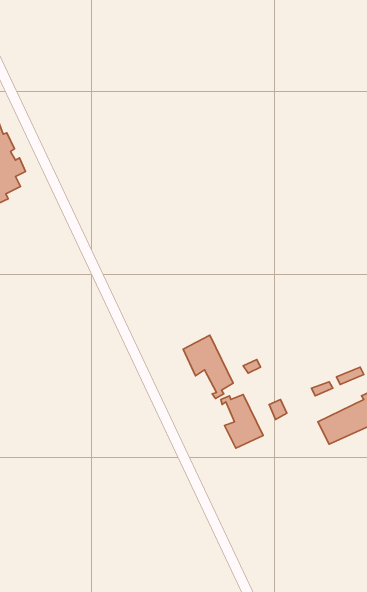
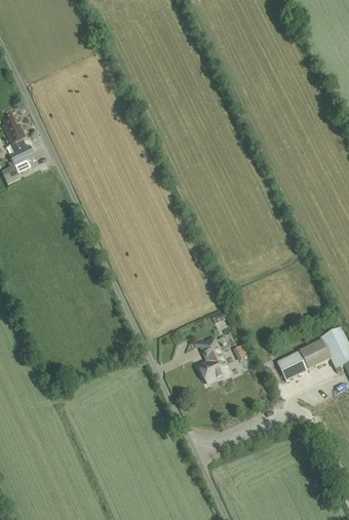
building: [183,335,233,399] -> none

